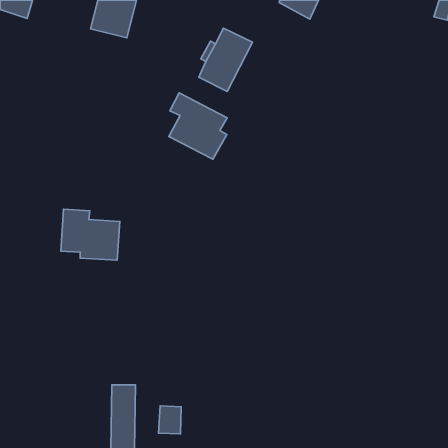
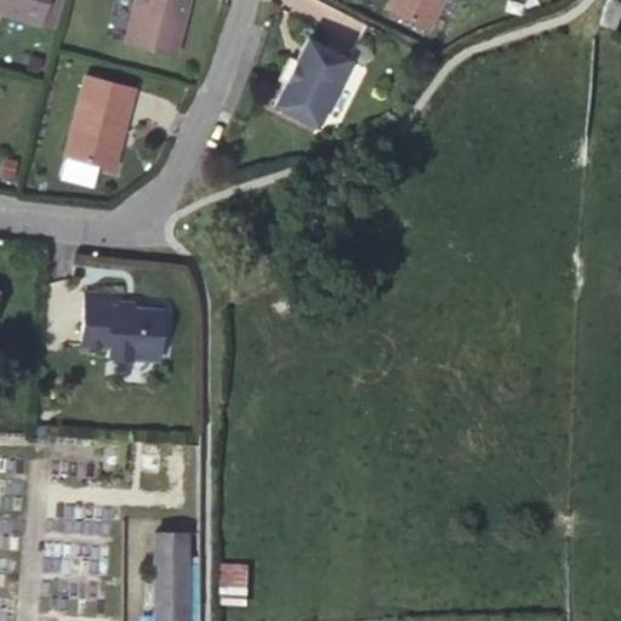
building: none -> [67,75,136,166]
building: [169,93,227,159] -> none

